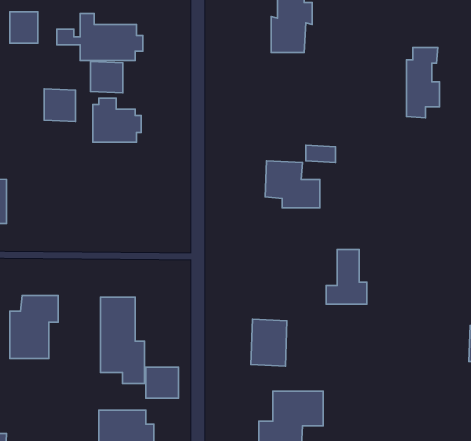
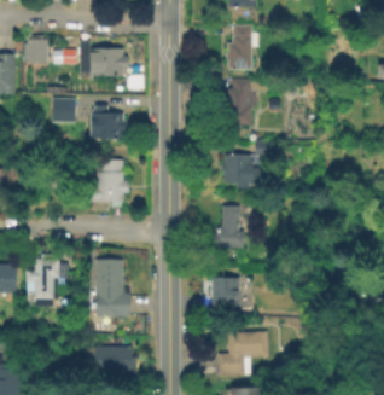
building: [407,47,440,118] -> [227,80,252,134]
building: [90,61,123,93] -> none
building: none -> [92,161,123,203]
building: [326,249,367,304] -> [213,205,244,248]
building: [146,367,179,398] -> none

